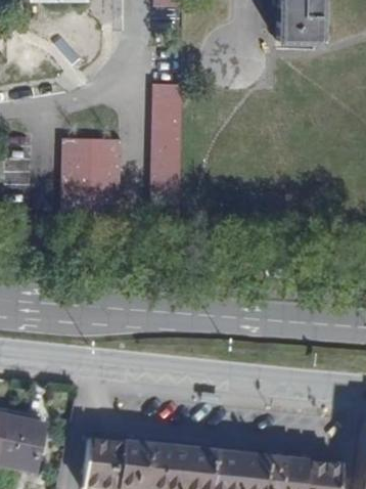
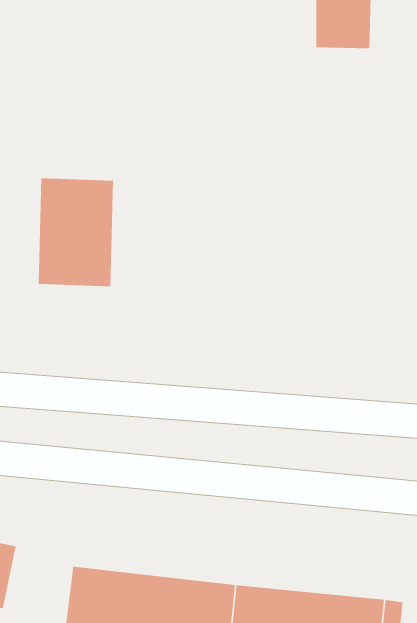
building: [149,86,182,223] -> none

